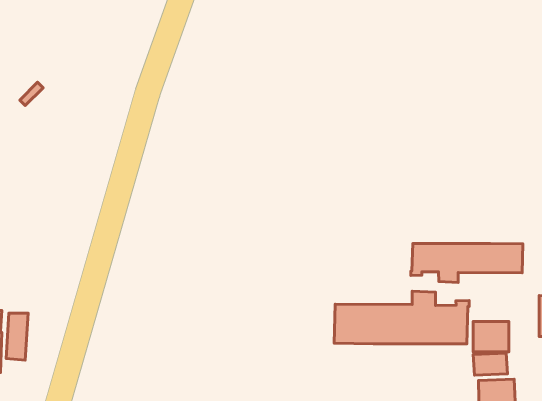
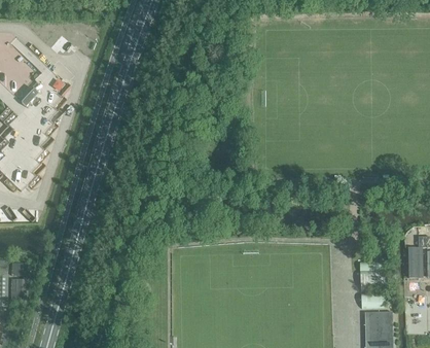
building: [411,243,523,282] -> none
building: [334,291,469,344] -> none

